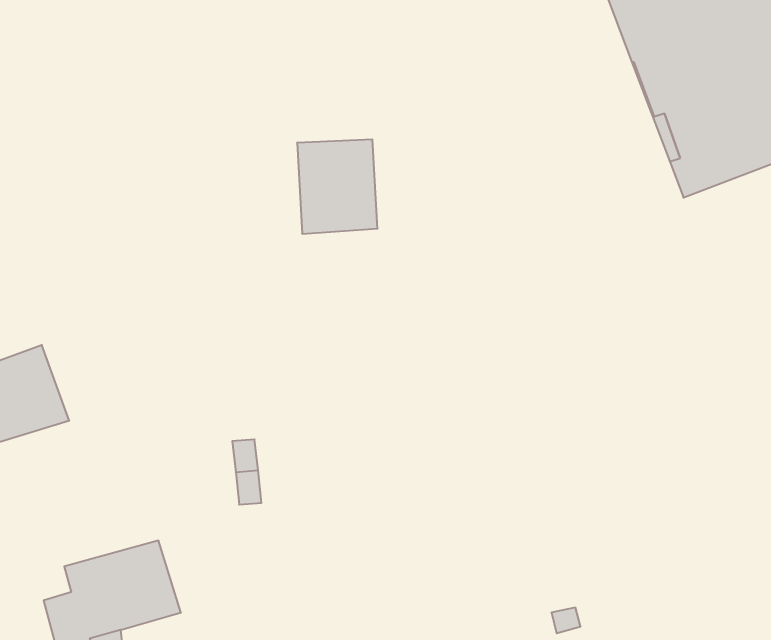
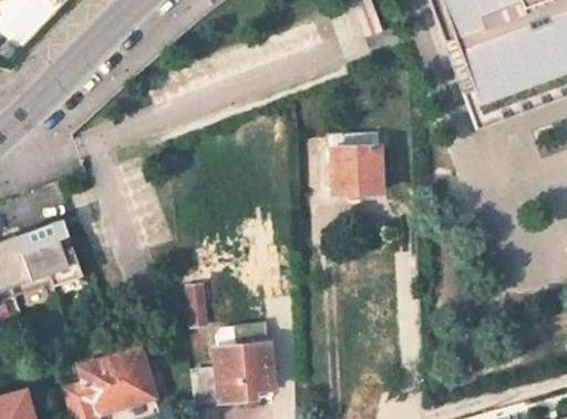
building: [297,139,378,234] -> [331,132,383,193]
building: none -> [193,324,275,402]

